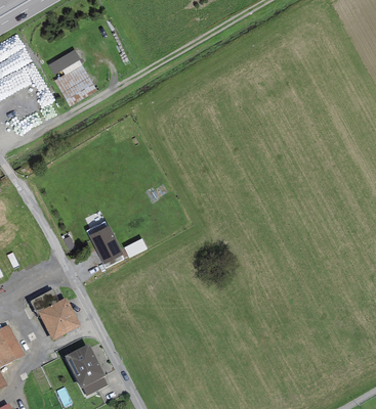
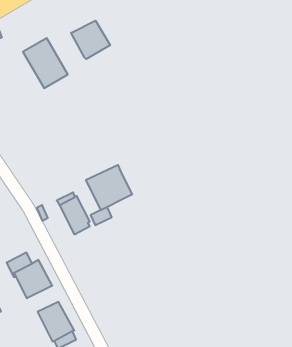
building: none -> [71,21,110,59]
building: none -> [86,165,132,210]

